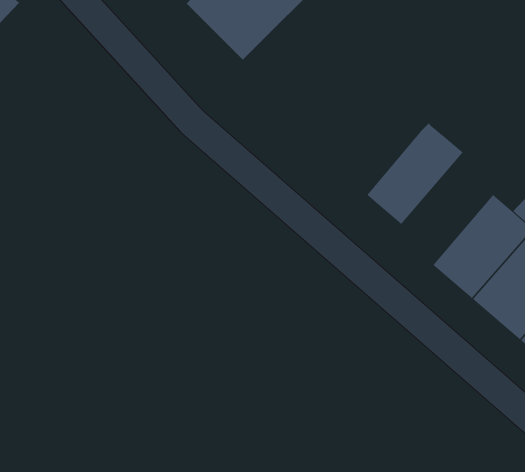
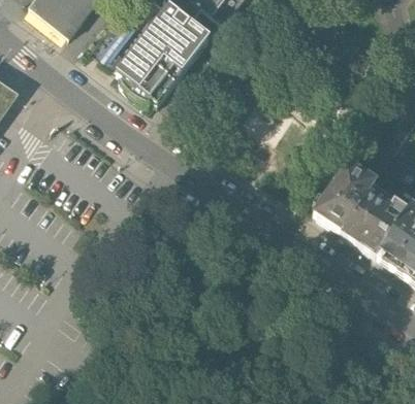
building: [366,123,464,225] -> none

